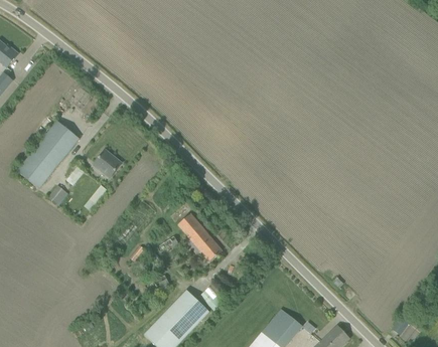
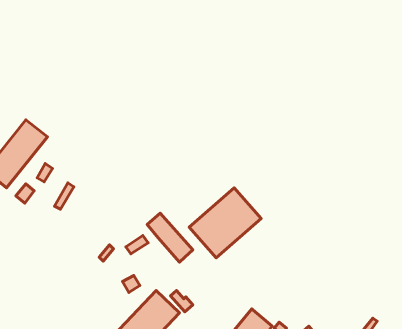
building: [93,148,121,176] -> none
building: none -> [189,188,261,258]

